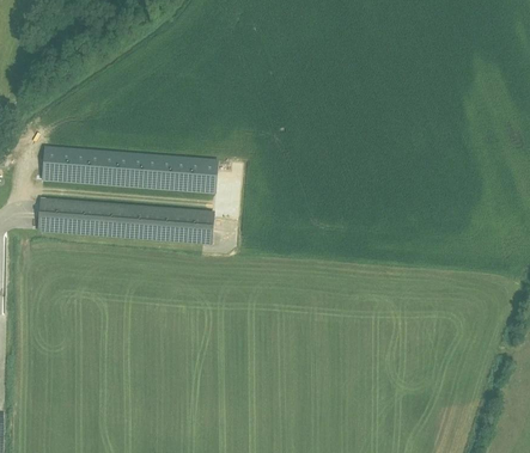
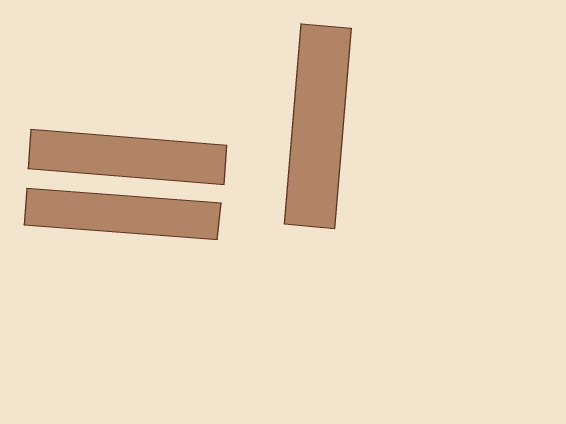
building: none -> [285,24,351,229]

